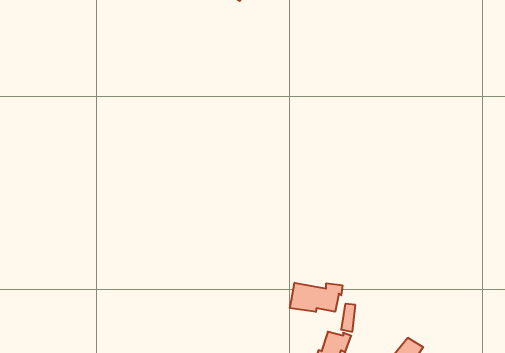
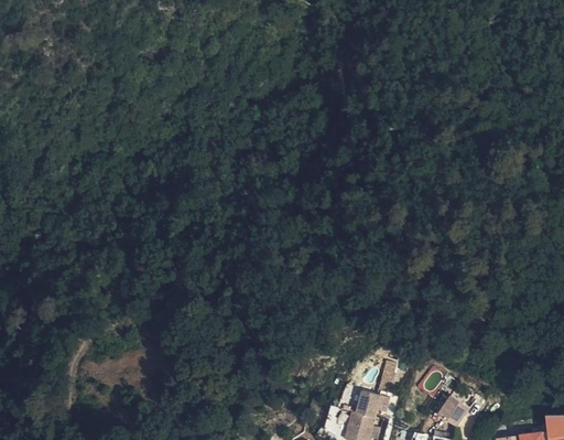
building: [290,283,342,312] -> none

